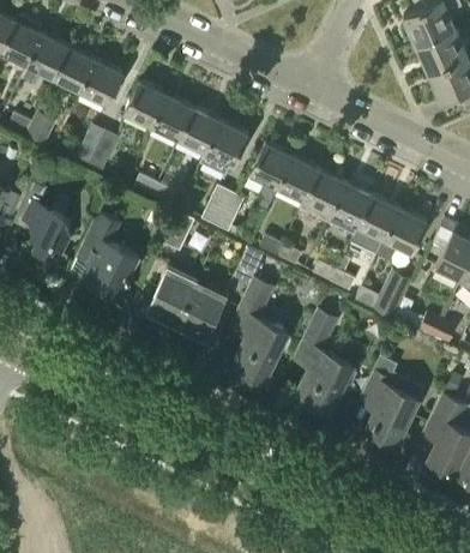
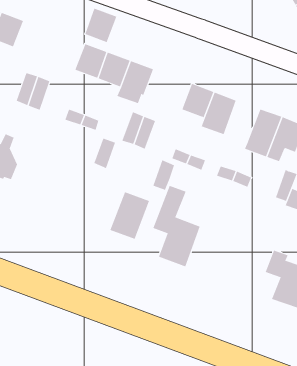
building: [79,60,122,104] -> none
building: [125,82,167,126] -> [85,8,117,43]
building: [249,143,293,211] -> none
building: [326,182,373,236] -> none
building: [77,214,138,297] -> none
building: [145,265,198,326] -> none
building: [293,309,354,419] -> none

